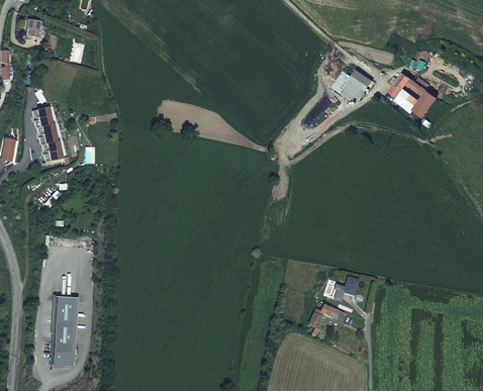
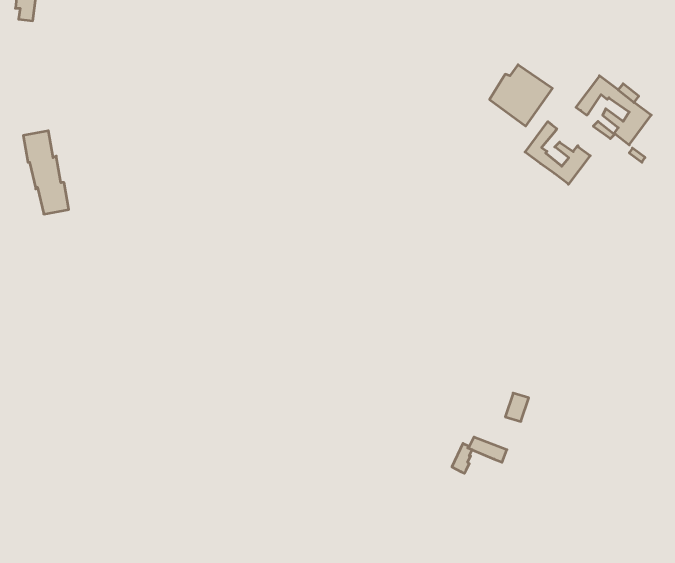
building: none -> [525,122,590,184]
building: [51,296,78,366] -> none

